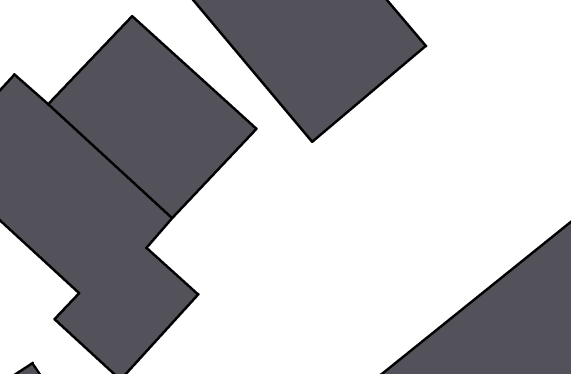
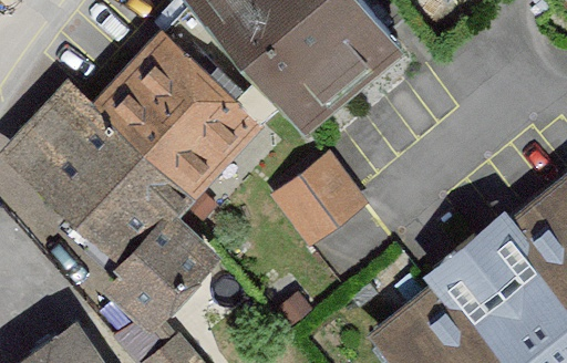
building: none -> [266,157,360,251]

